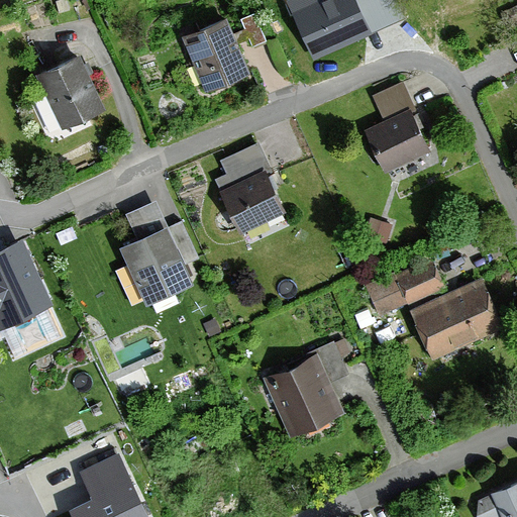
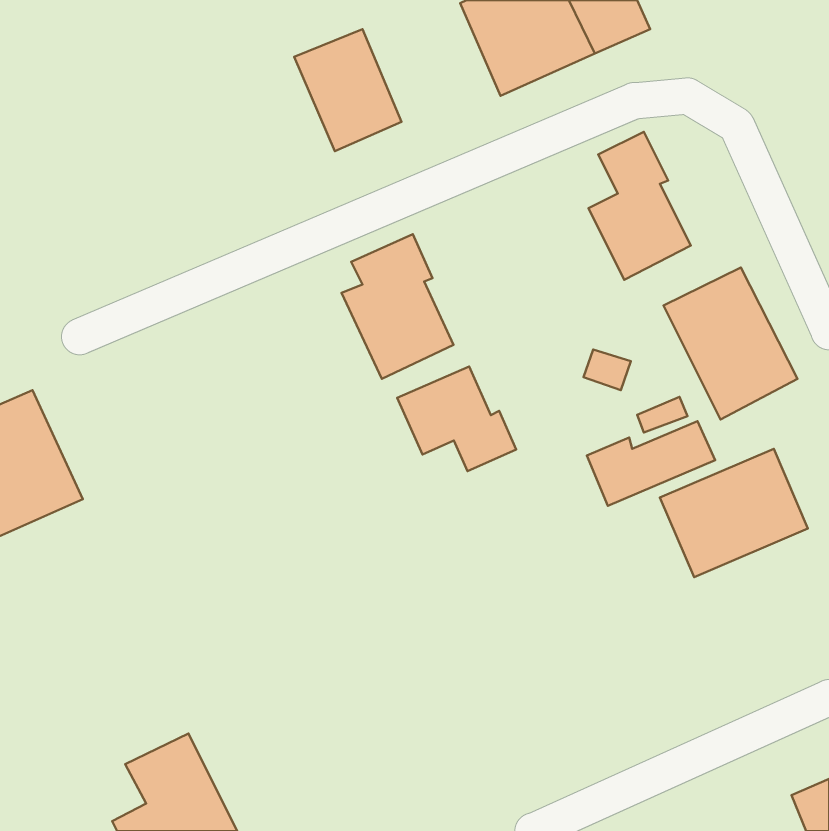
building: [35,55,106,131] -> none
building: none -> [664,268,797,419]
building: [117,201,198,307] -> none
building: none -> [397,366,516,471]
building: [266,345,346,437] -> none

